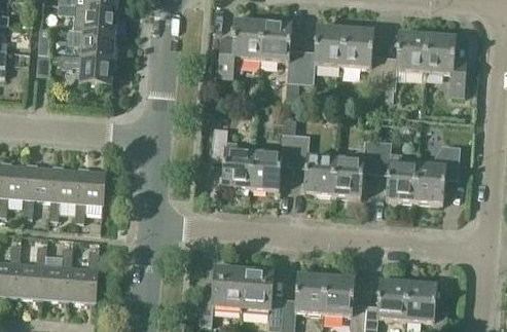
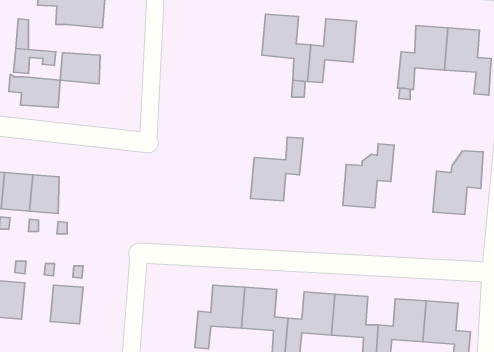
building: [218,21,262,78] -> none
building: [341,29,385,89] -> none
building: [69,30,115,60] -> [9,75,60,108]
building: [212,128,252,189] -> none
building: [293,135,335,195] -> none
building: [375,141,417,201] -> none
building: [75,170,104,205] -> none
building: [42,265,71,300] -> none

